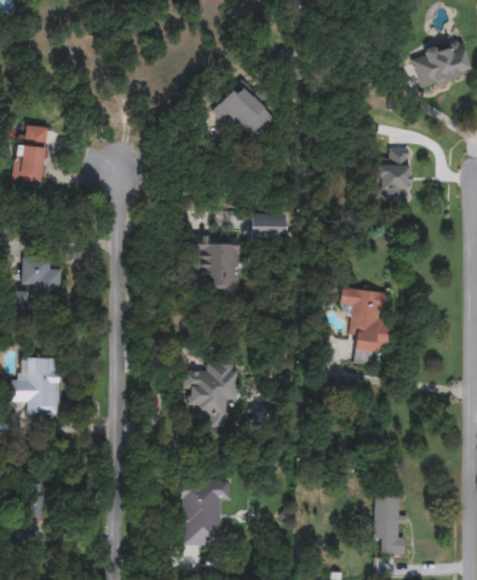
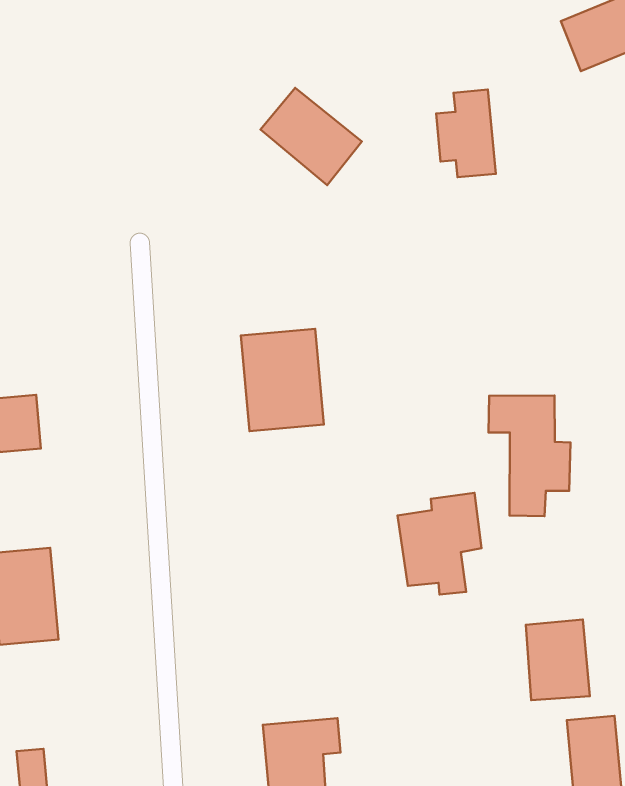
building: [377,148,410,201] -> [436,90,496,177]
building: [252,213,287,241] -> none
building: [186,362,237,424] -> [398,493,482,594]
building: none -> [526,619,590,700]

